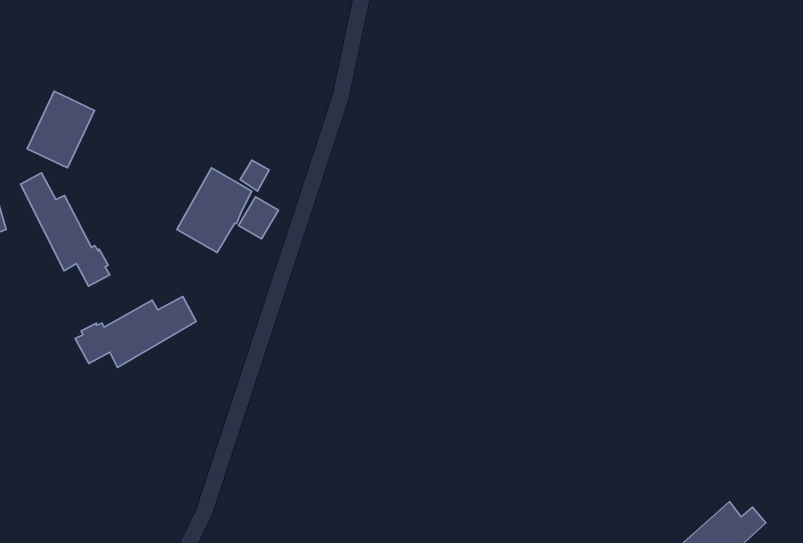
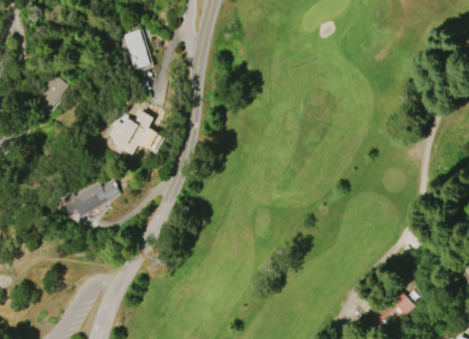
building: none -> [121,29,150,69]
building: [20,173,110,286] -> none

